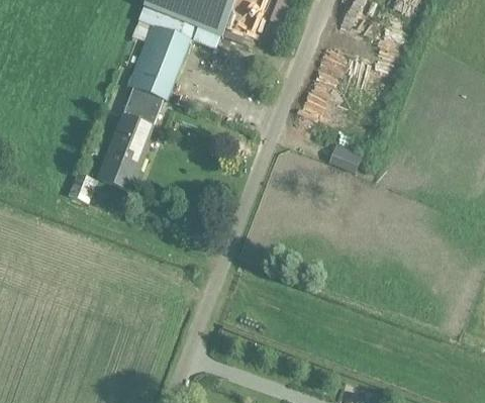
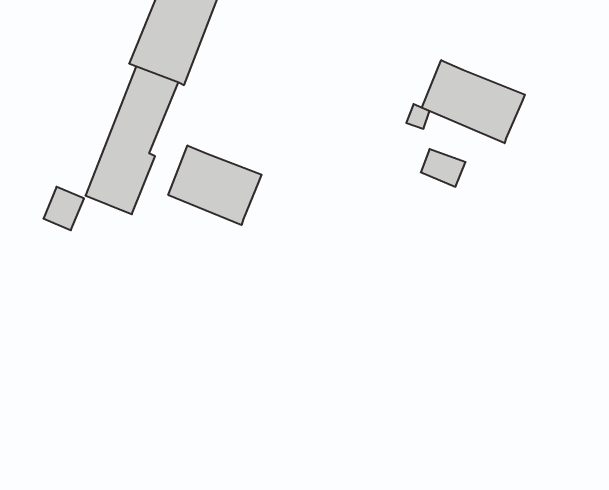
building: none -> [422,60,525,143]
building: none -> [168,145,262,225]

